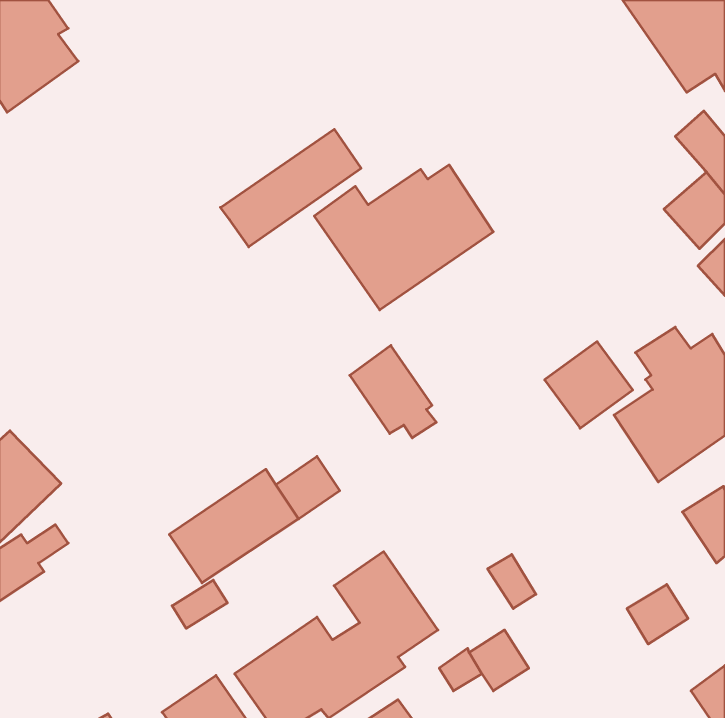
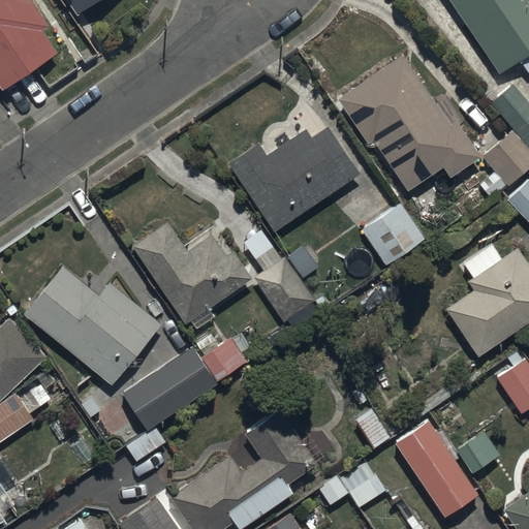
building: none -> [340,55,481,189]
building: [220,129,361,247] -> none
building: none -> [132,222,252,323]
building: [545,342,633,428] -> [361,204,425,267]
building: none -> [23,266,160,386]
building: none -> [394,419,477,516]

